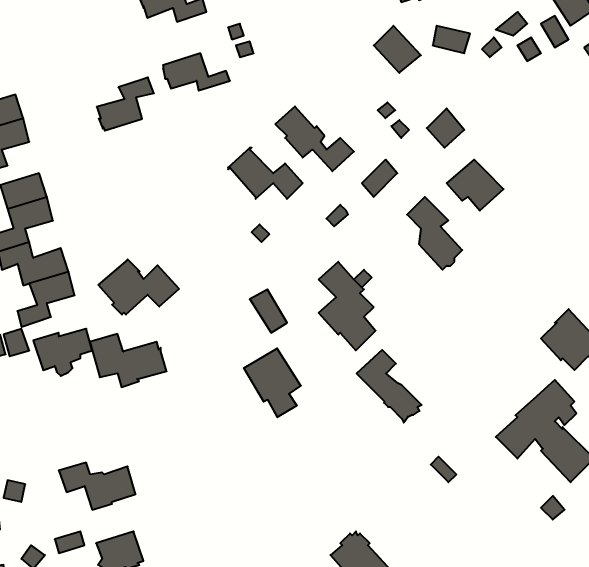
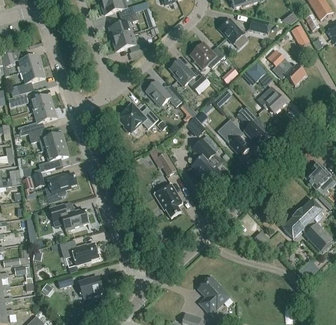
building: none -> [190,42,224,68]
building: [97,77,154,131] -> [108,11,137,38]
building: none -> [269,51,306,83]
building: [98,259,179,315] -> [116,103,157,131]
building: [90,334,167,387] -> [49,203,88,230]
building: [357,350,422,423] -> [216,118,249,155]

